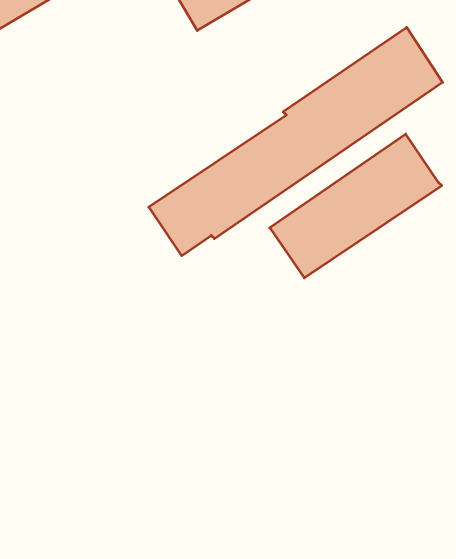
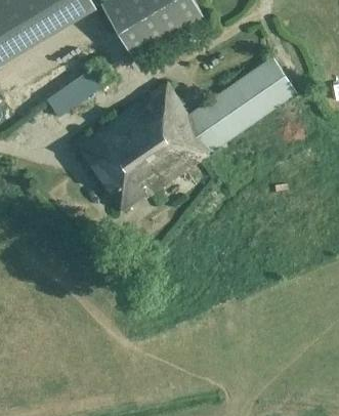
building: none -> [46,71,99,118]
building: [270,134,442,278] -> [80,83,193,177]

